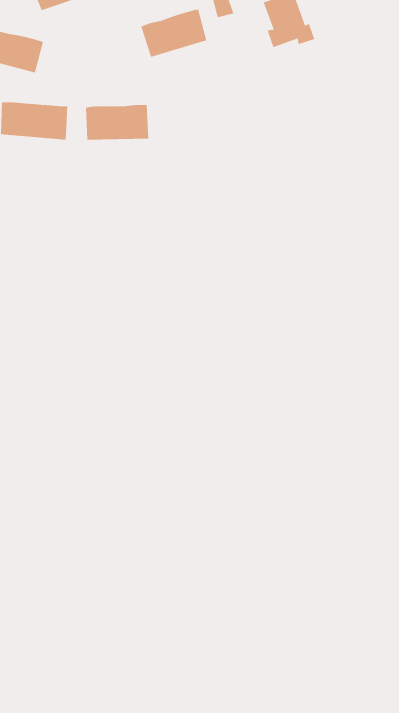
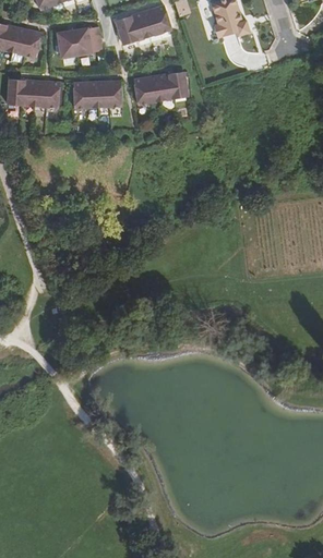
building: none -> [57,26,103,58]
building: none -> [133,73,188,105]

